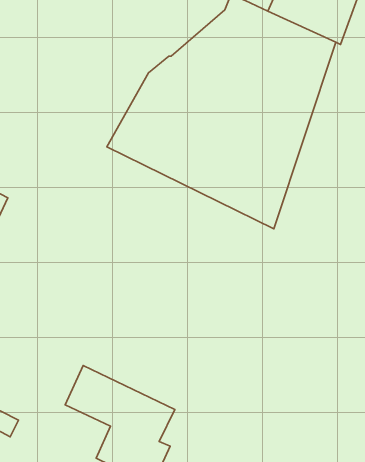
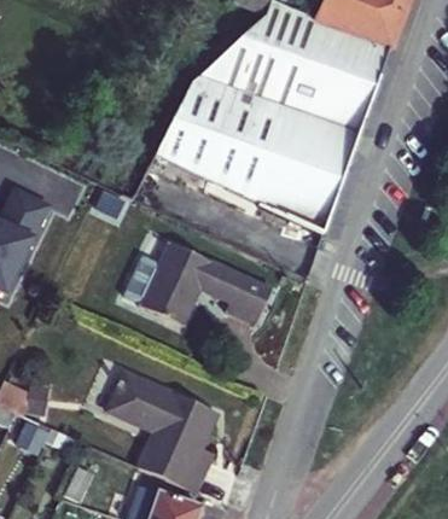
building: none -> [138,240,269,325]

